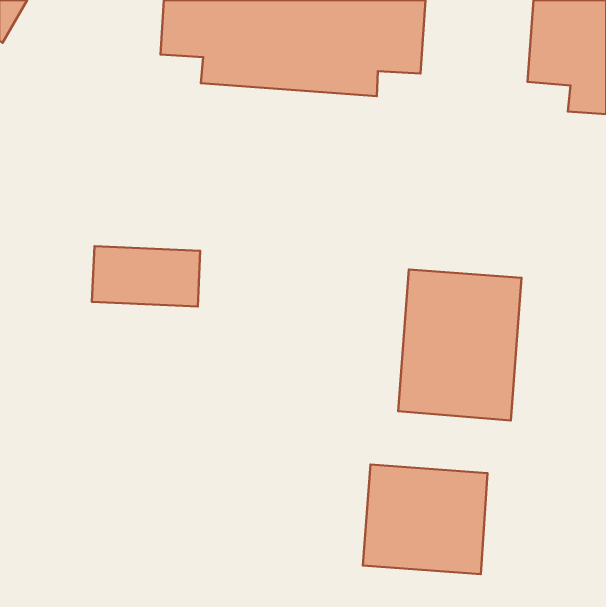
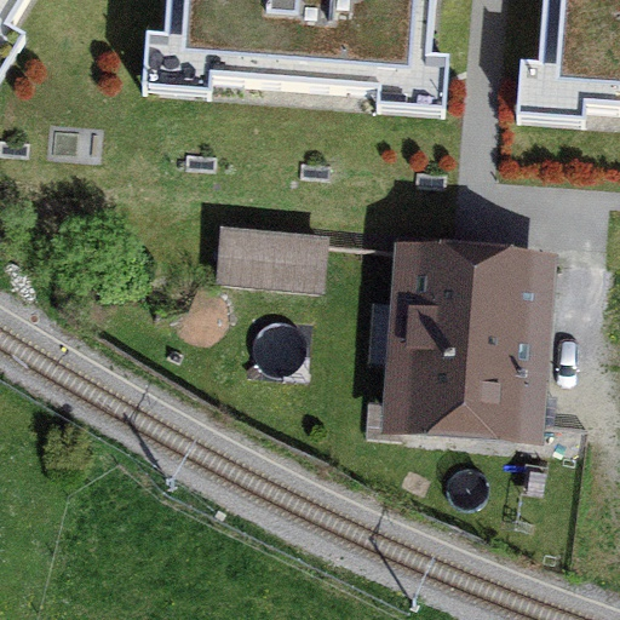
building: [92,246,200,307] -> [218,222,328,283]
building: [363,465,488,574] -> none

